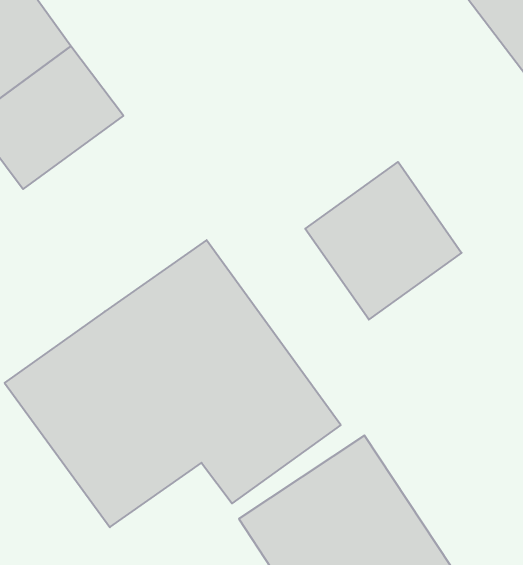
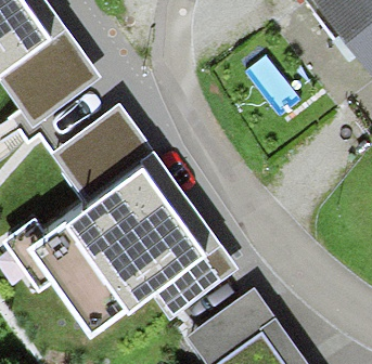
building: [305,162,462,320] -> none
building: none -> [54,107,154,202]

